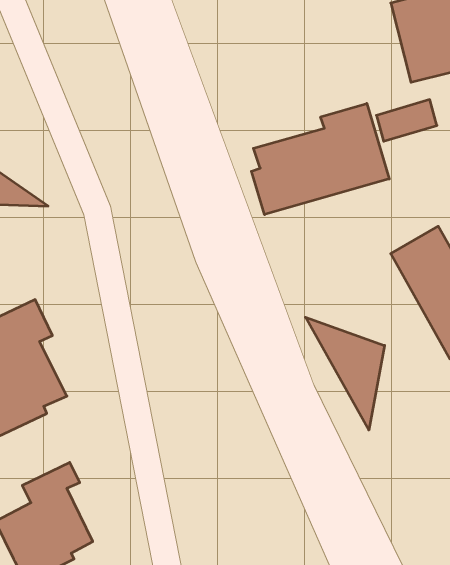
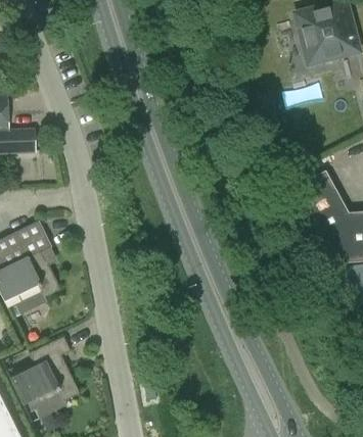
building: [251,103,389,215] -> none
building: [305,317,385,430] -> none

